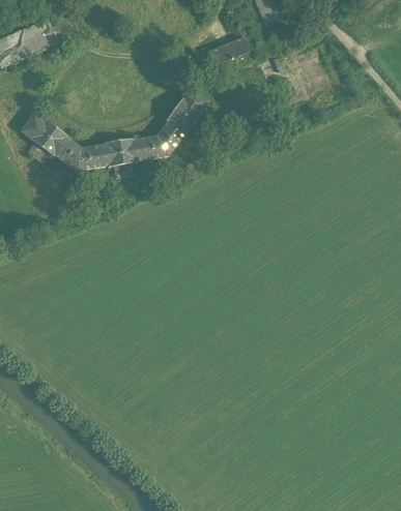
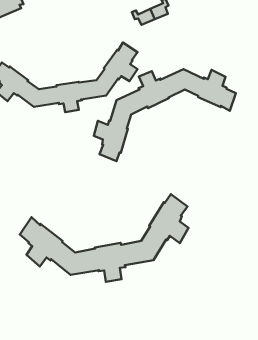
building: none -> [94,69,236,161]
building: none -> [20,194,189,282]

